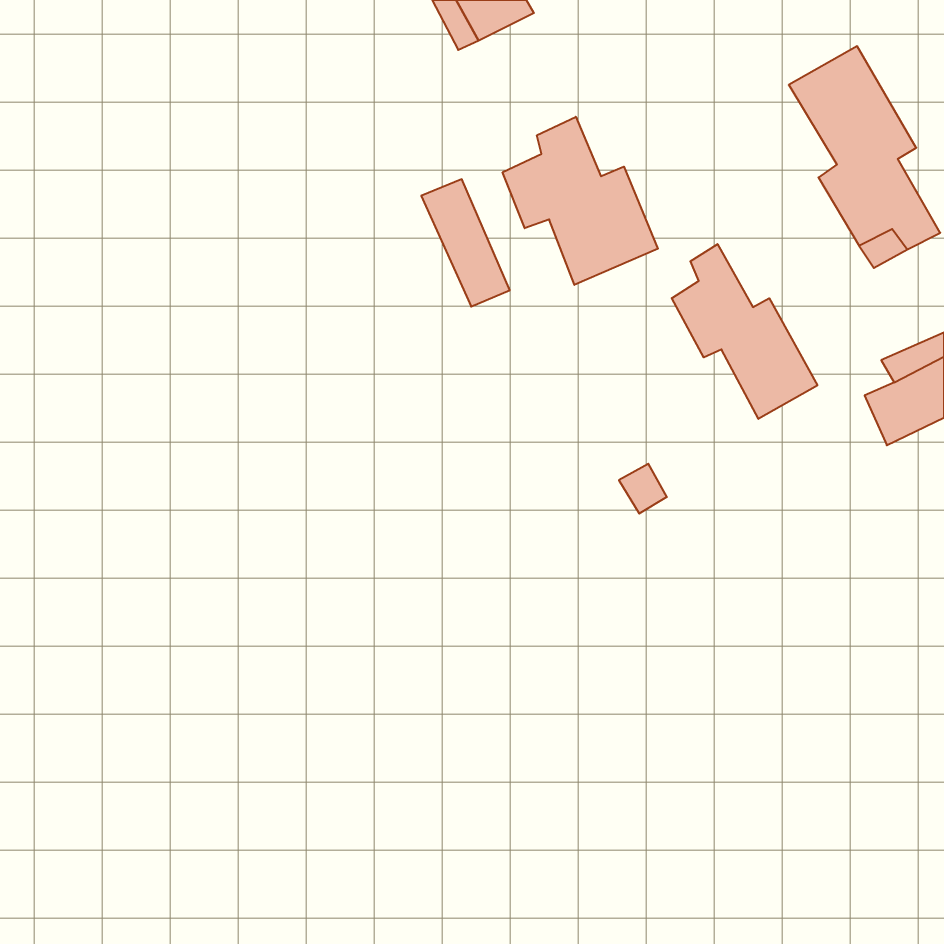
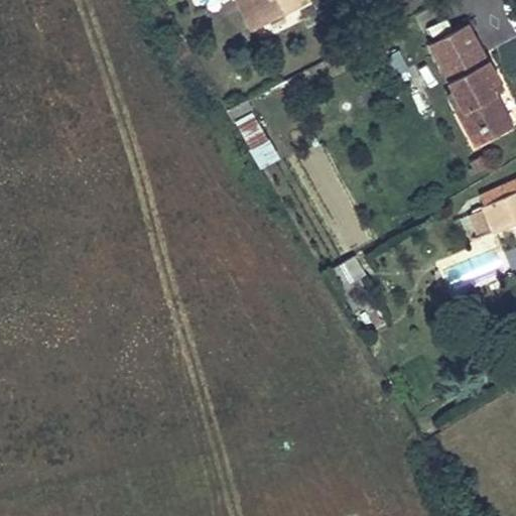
building: [503,117,658,285] -> none
building: [672,244,817,419] -> none

